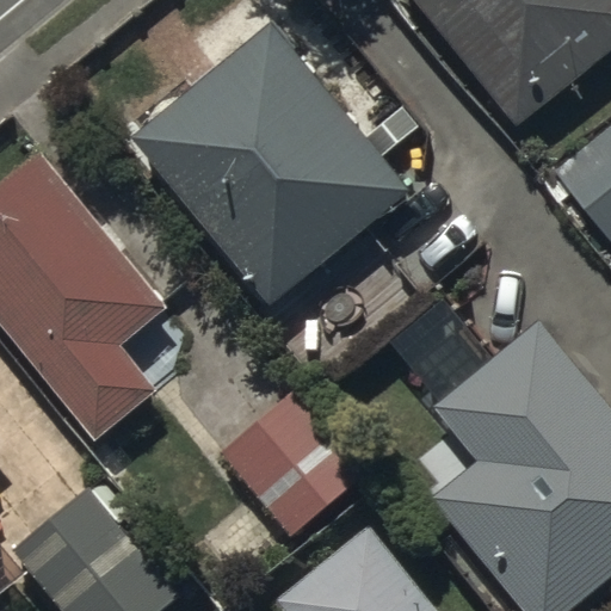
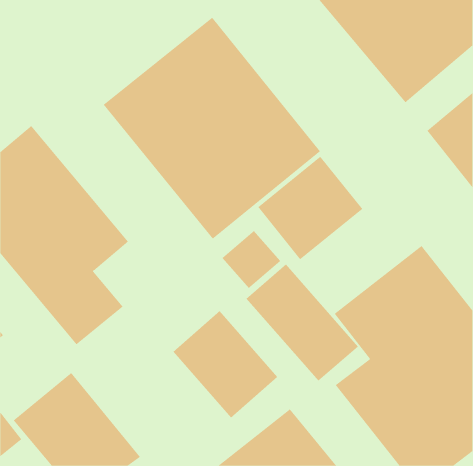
building: none -> [257,156,363,260]
building: none -> [246,263,359,382]

